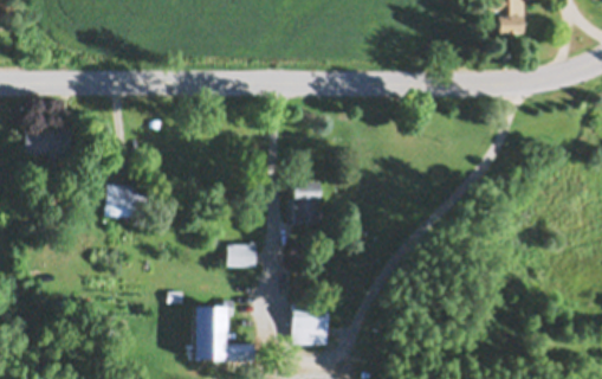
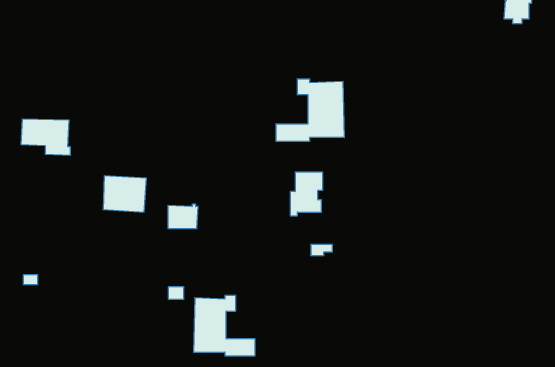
building: none -> [276,79,344,141]
building: [228,244,258,268] -> [168,204,198,228]
building: [293,304,329,345] -> none

